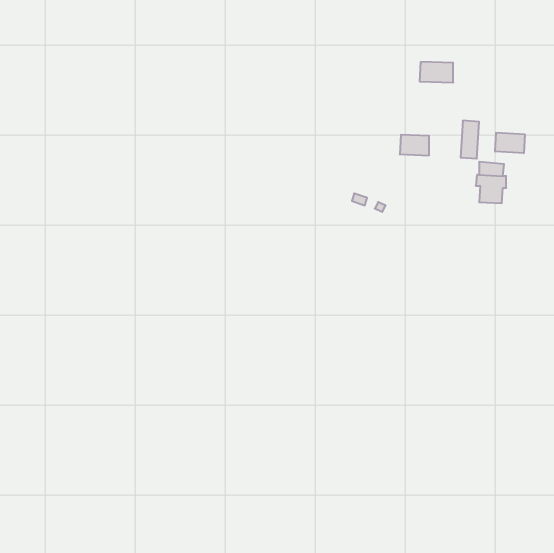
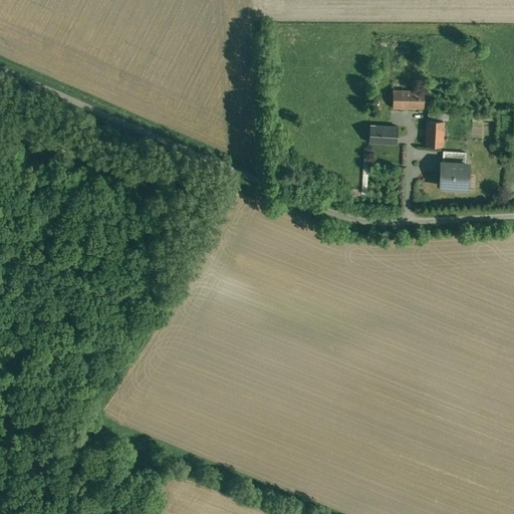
building: [420,62,453,83] -> [392,91,423,110]
building: [495,133,525,153] -> none

